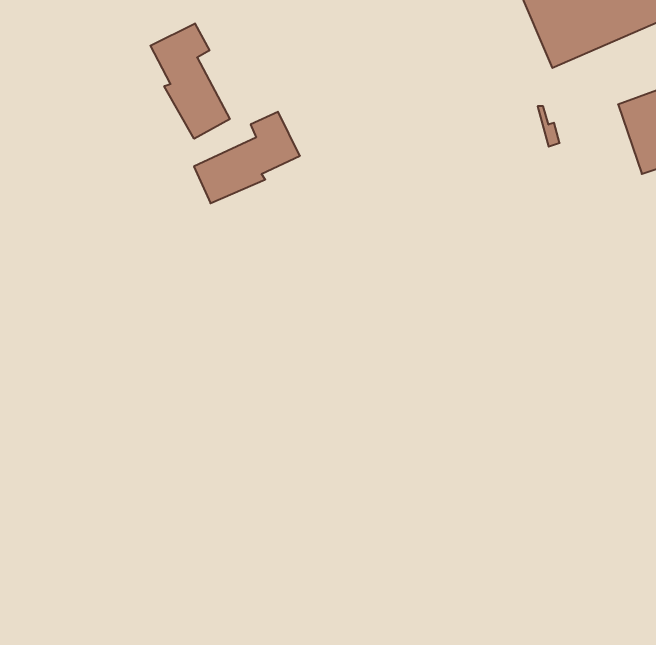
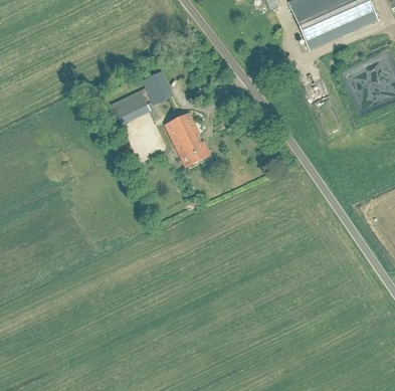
building: [150,23,230,139] -> none
building: none -> [165,112,210,167]

